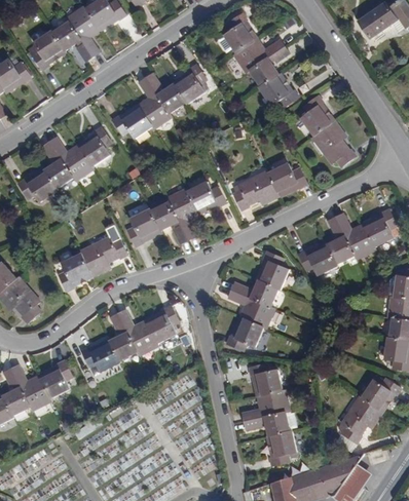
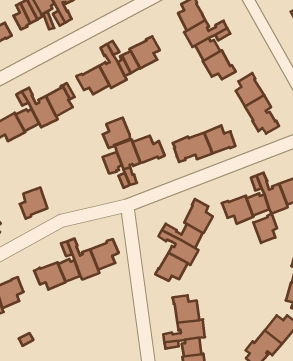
building: [128,209,161,246] -> [103,118,130,148]
building: [81,236,126,276] -> none
building: none -> [253,214,277,243]

